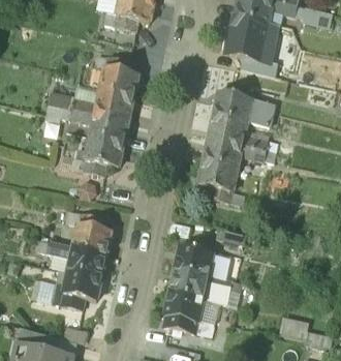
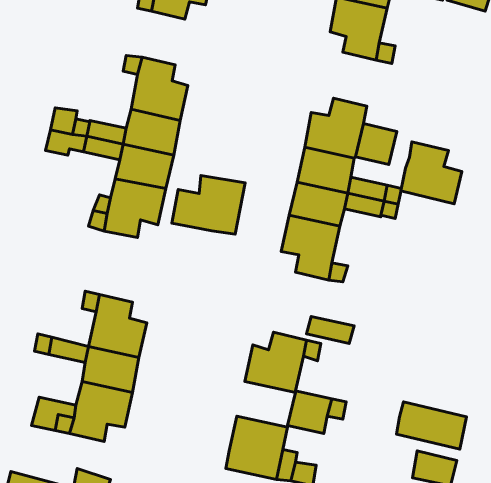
building: none -> [401,142,462,204]
building: none -> [172,175,245,234]
building: [168,270,207,300] -> none
building: none -> [396,402,467,449]

